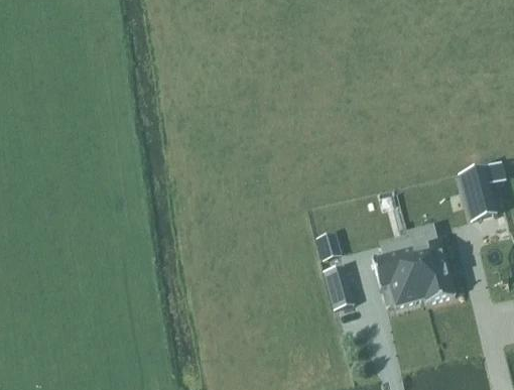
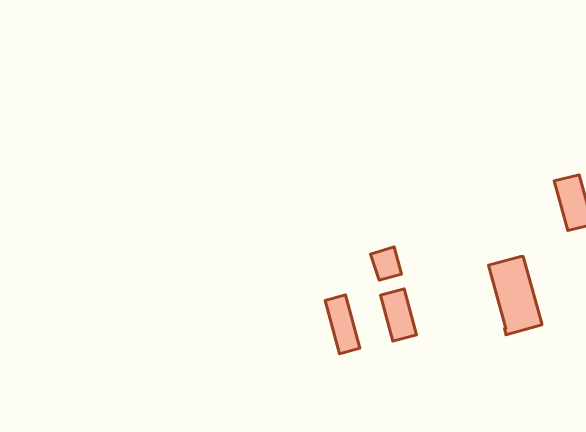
building: [371,246,424,305] -> none
building: none -> [325,295,360,354]

